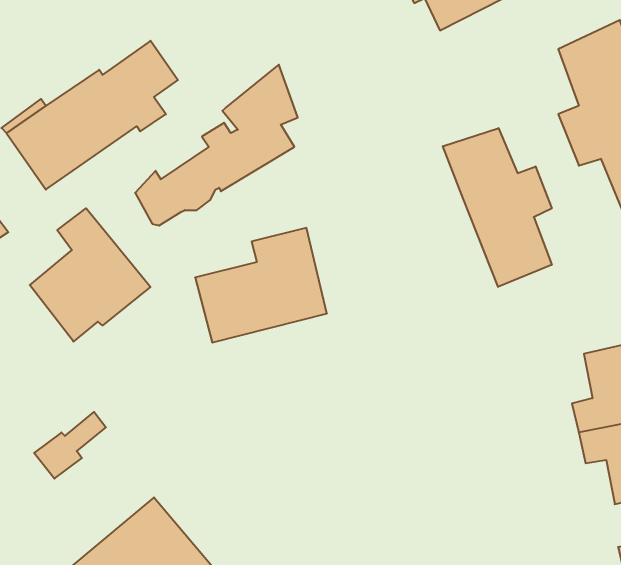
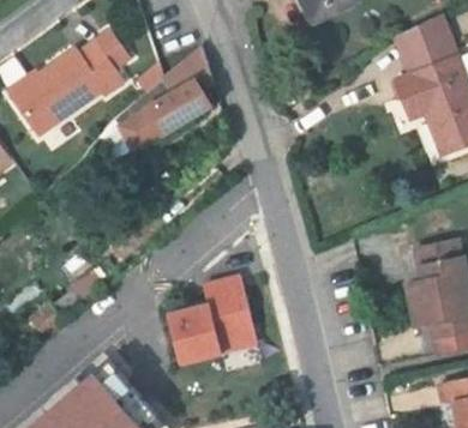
building: [443,128,552,287] -> none
building: [30,208,150,342] -> none
building: [195,228,327,343] -> [164,277,257,357]

